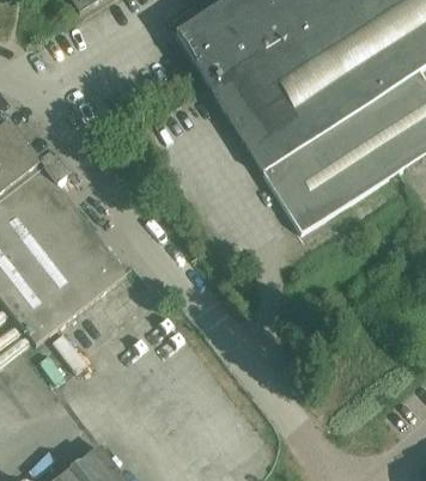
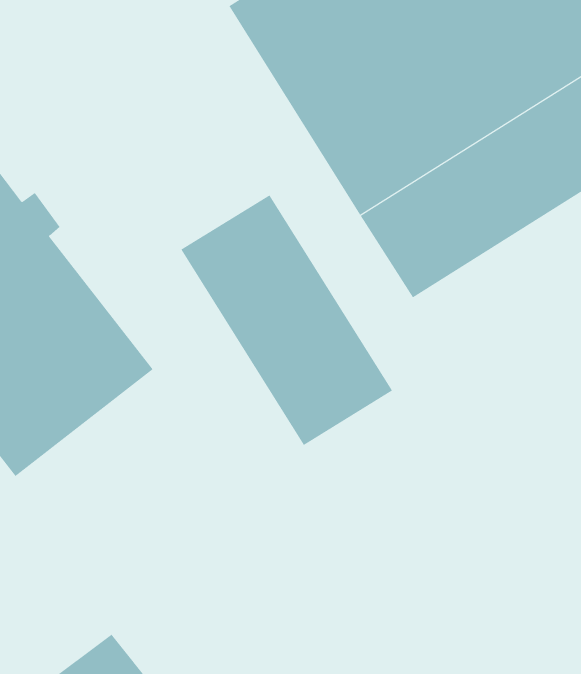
building: none -> [180,195,393,446]

